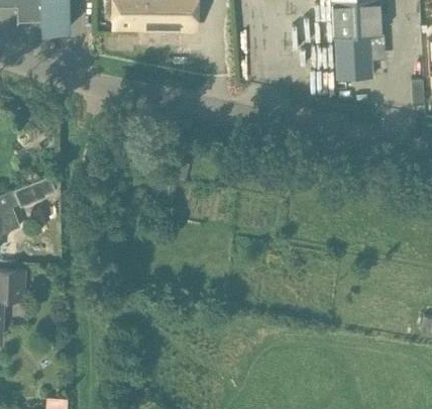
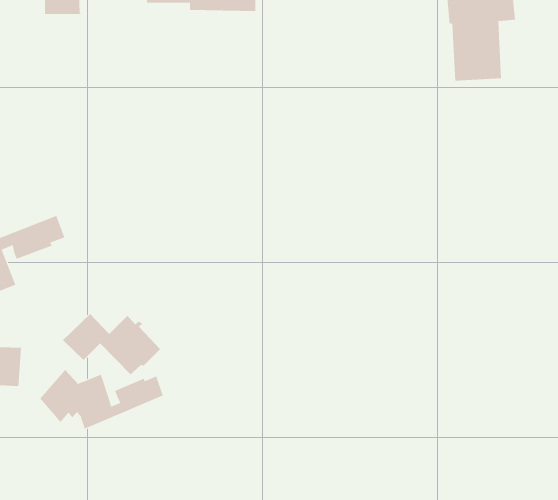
building: none -> [62,313,161,375]
building: none -> [39,369,163,430]

